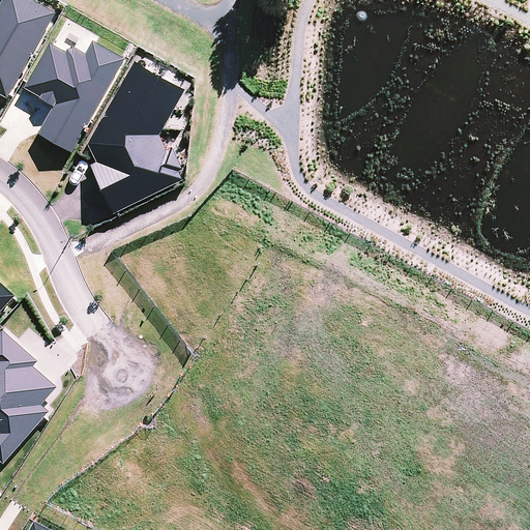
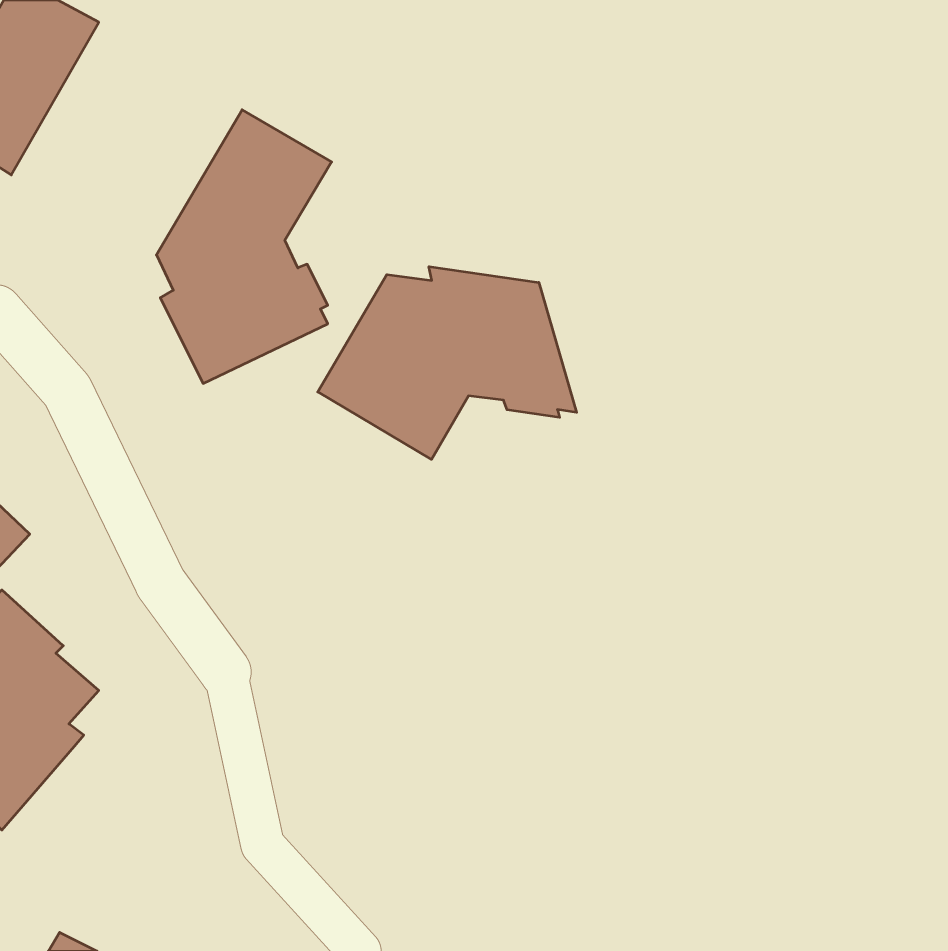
building: [24,40,124,152] -> none
building: none -> [318,267,577,459]

